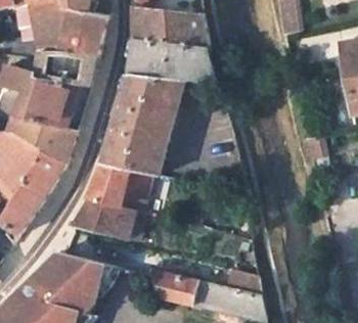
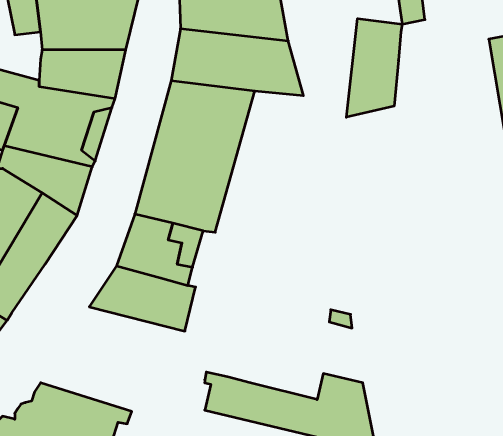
building: none -> [346,19,402,117]
building: [38,249,123,296] -> none

